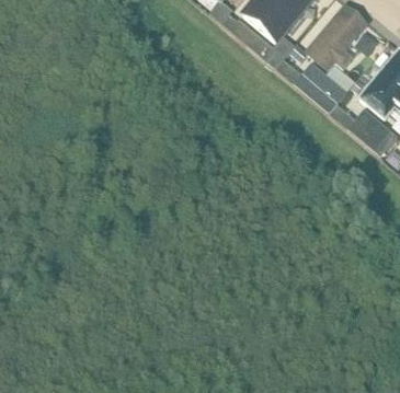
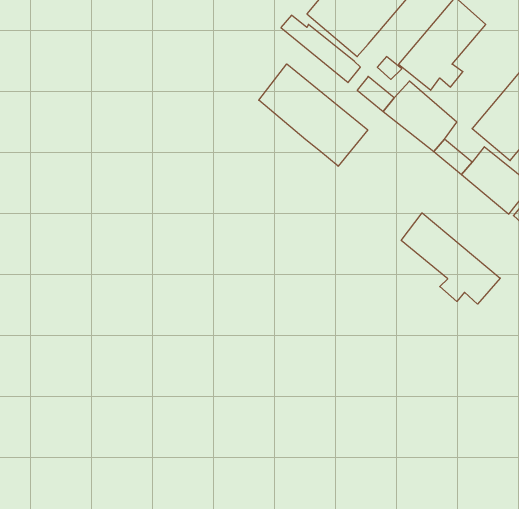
building: none -> [259,64,368,166]
building: none -> [401,213,500,304]

